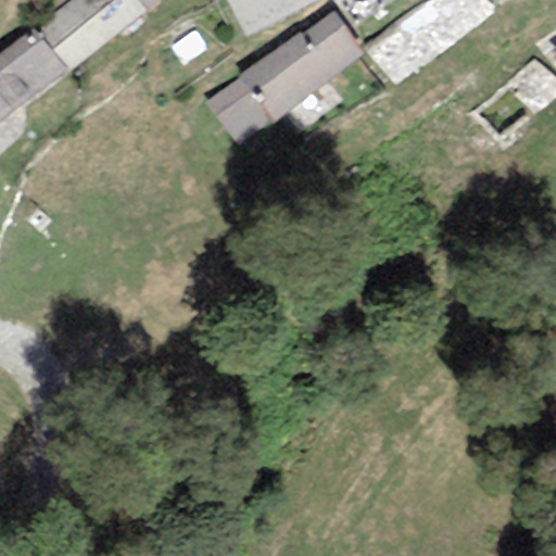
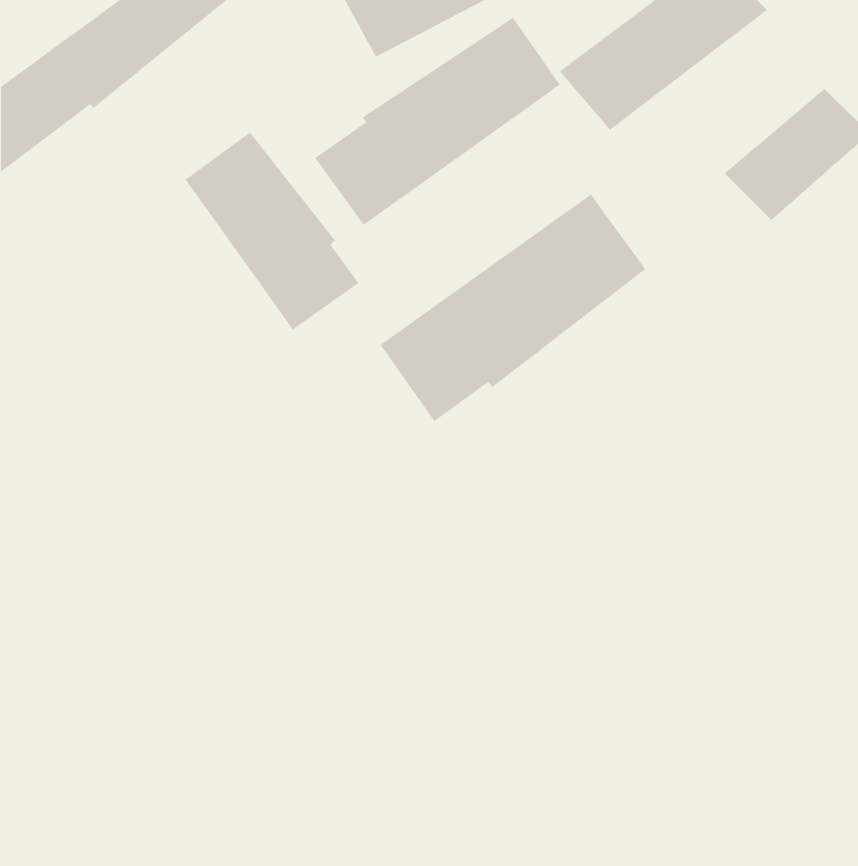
building: none -> [184,132,360,330]
building: none -> [380,194,646,422]

